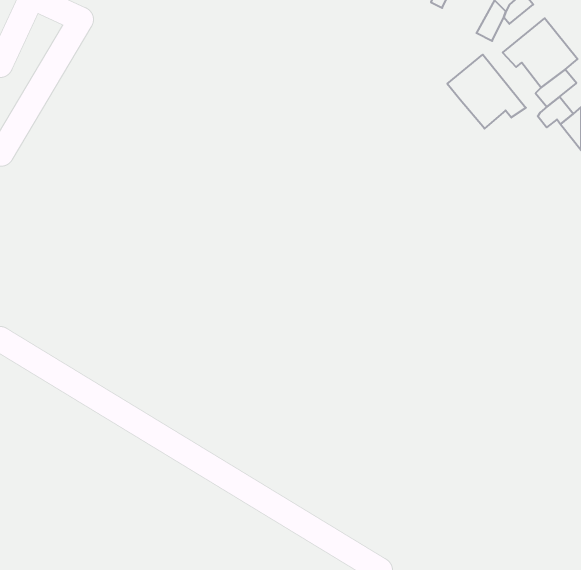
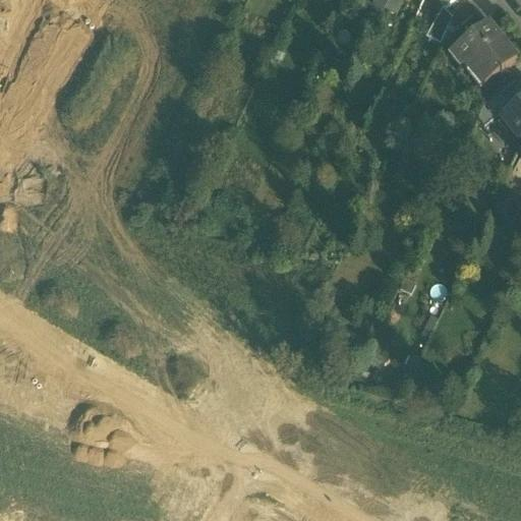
building: [447,55,526,129] -> none

